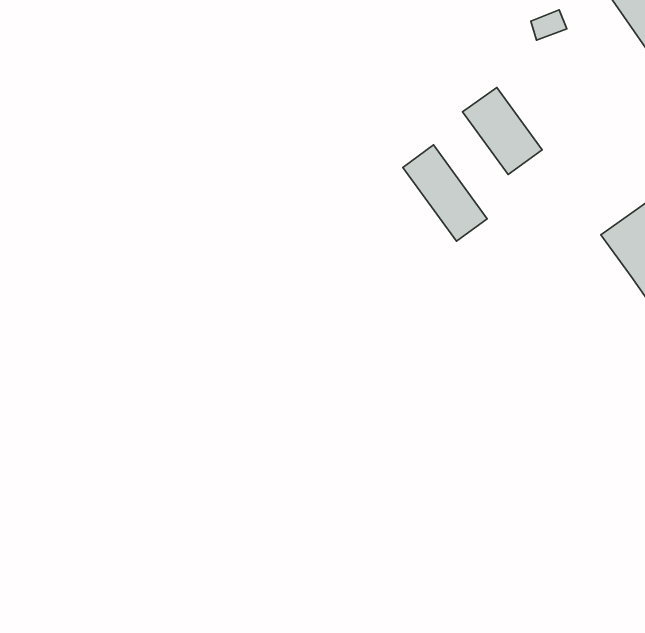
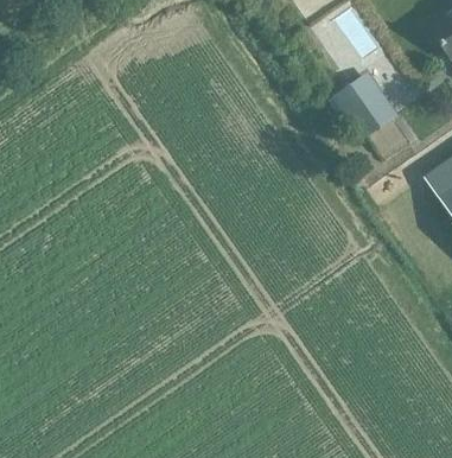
building: [403,145,487,241] -> none

